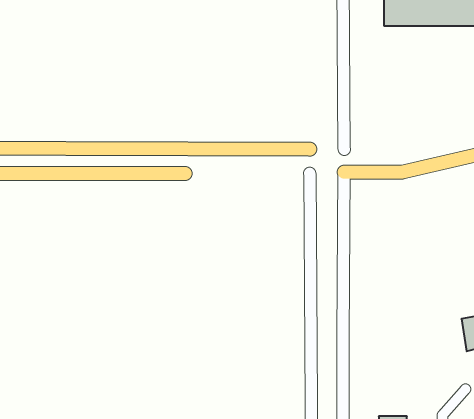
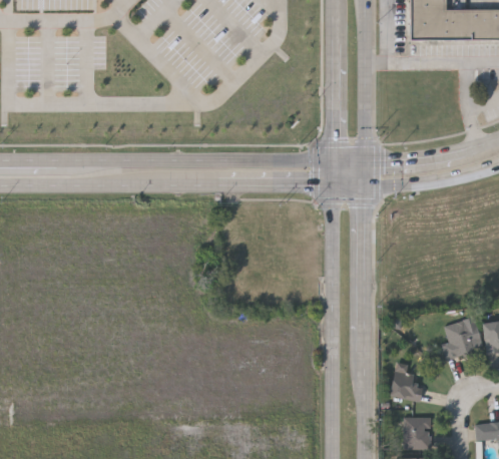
building: none -> [443,319,473,358]
building: none -> [389,369,425,404]

